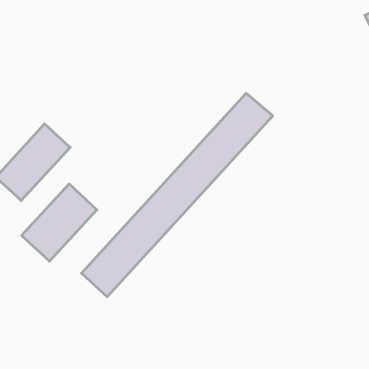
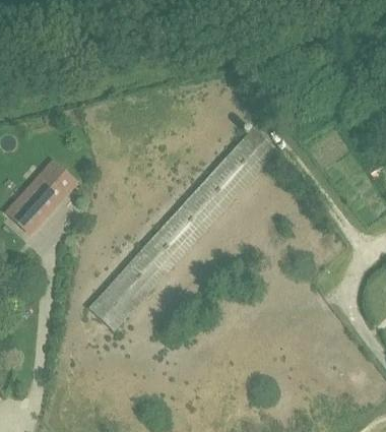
building: [22,184,97,261] -> none

